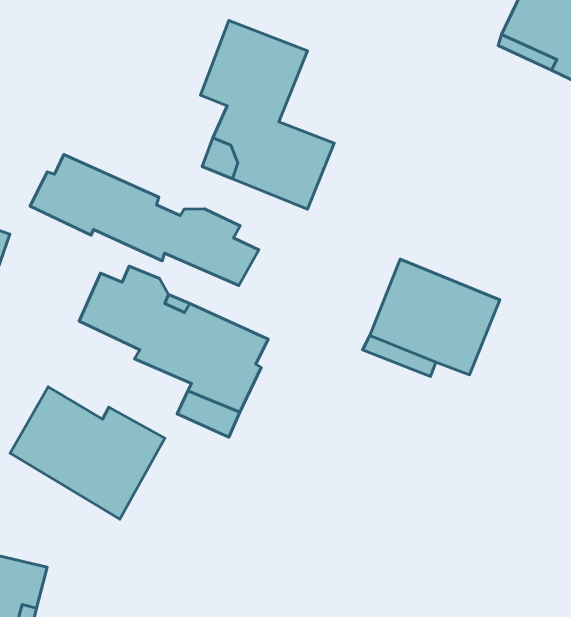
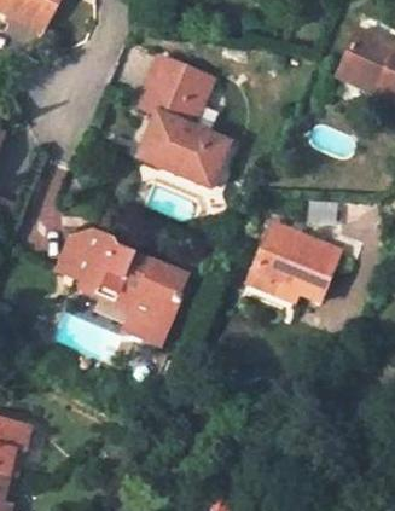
building: [30,155,259,286] -> none
building: [10,387,165,519] -> none

